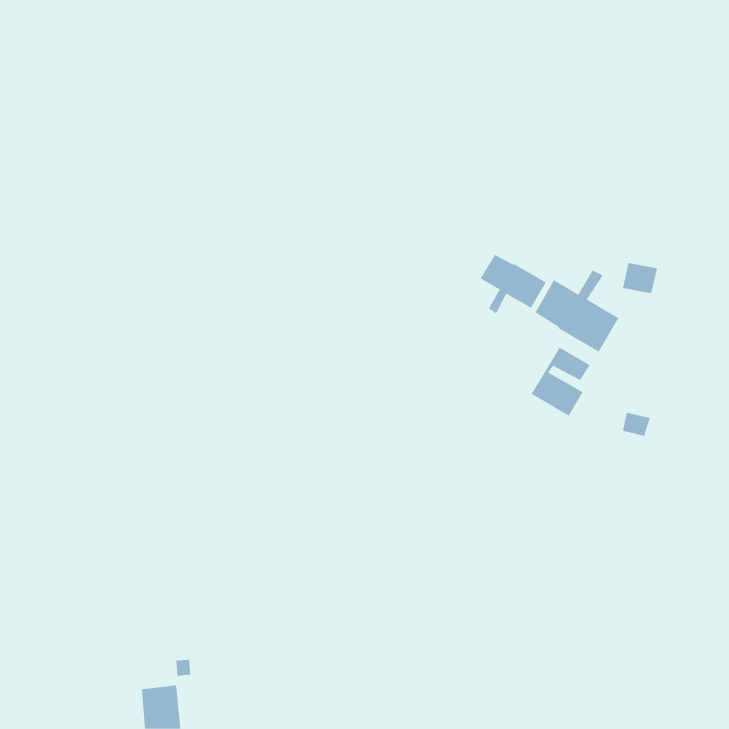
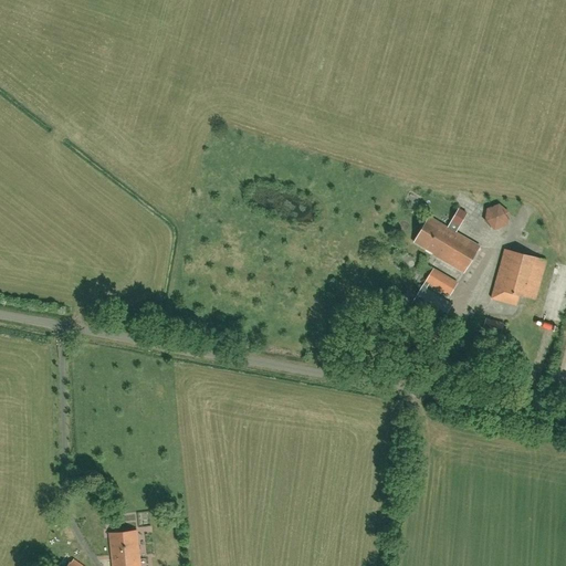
building: [480,254,547,314] -> none
building: none -> [491,250,546,306]

